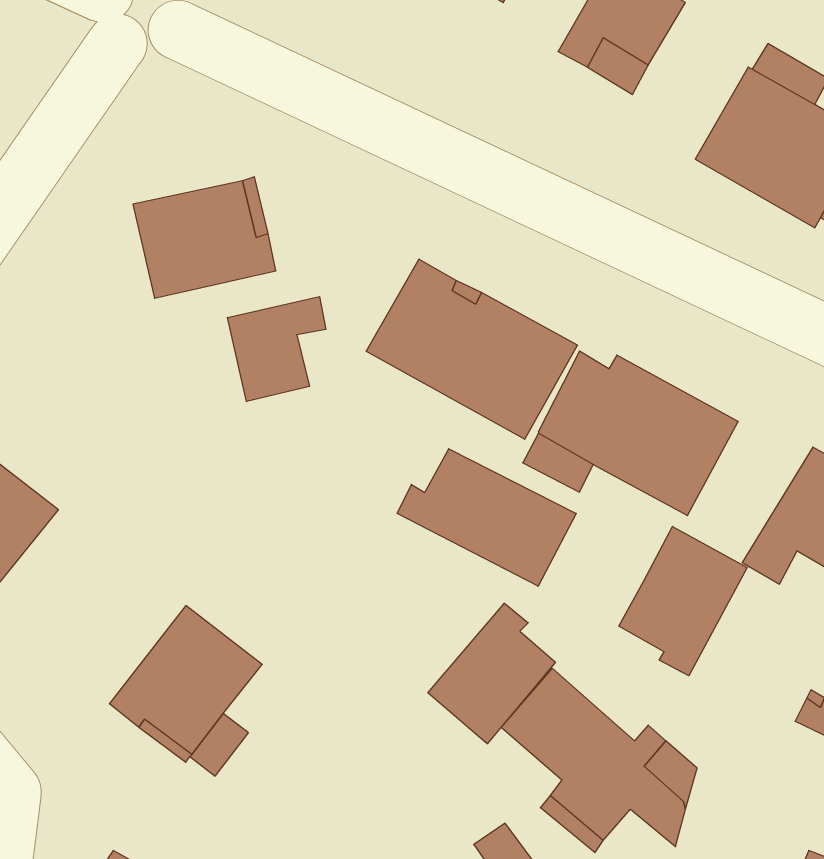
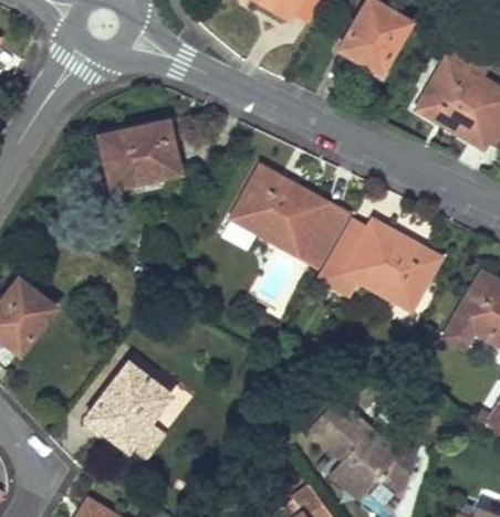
building: [227,297,326,402] -> none
building: [397,449,576,586] -> none
building: [619,526,747,676] -> none
building: [428,603,555,744] -> none

